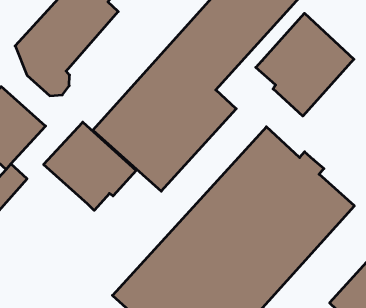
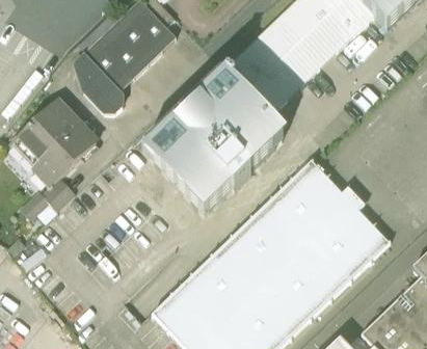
building: [256,13,354,116] -> none
building: [44,122,136,210] -> none

